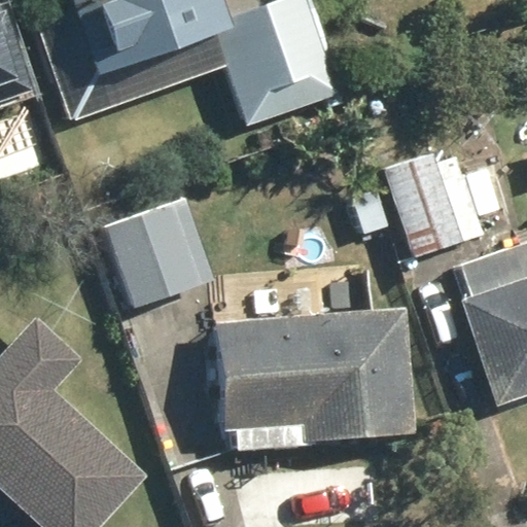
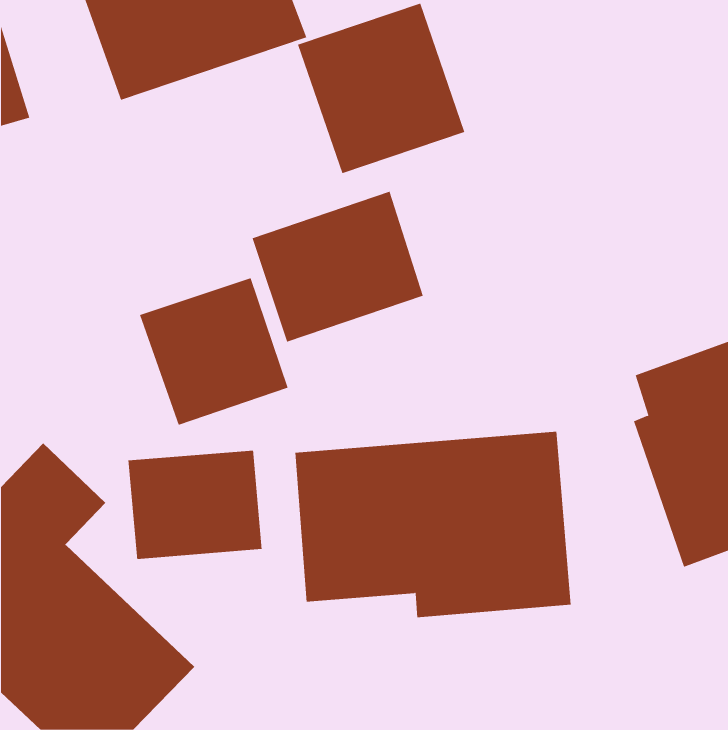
building: none -> [252,191,424,342]
building: [386,147,483,256] -> none
building: none -> [128,450,262,560]

